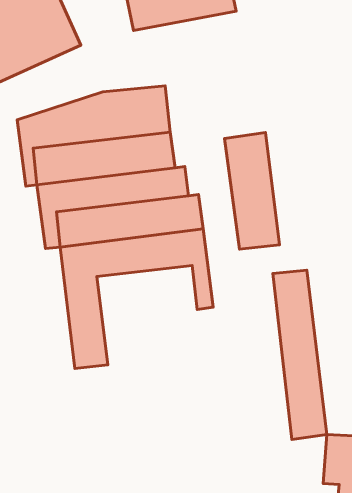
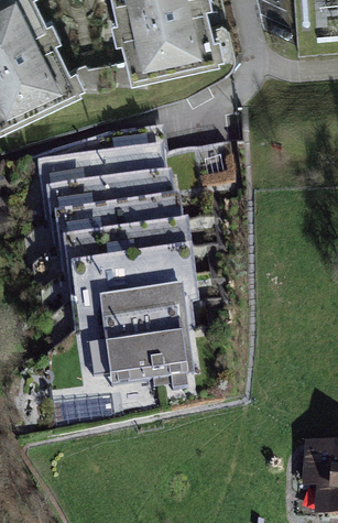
building: [224,133,280,249] -> none
building: none -> [98,292,193,388]
building: [273,270,327,440] -> none

